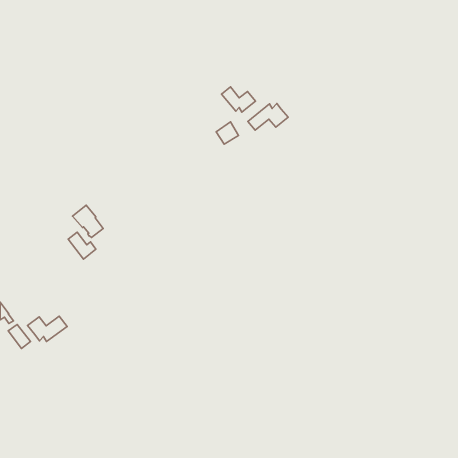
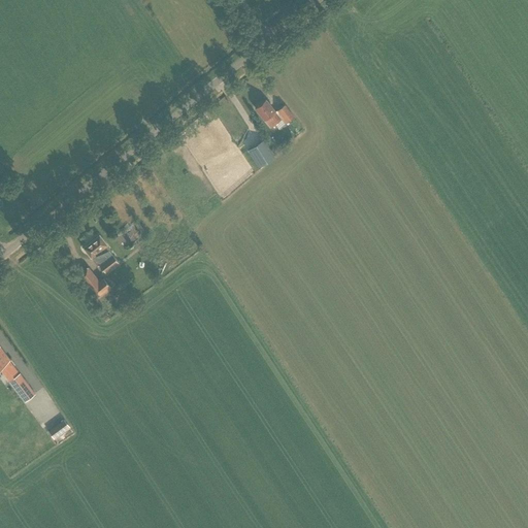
building: [248,104,288,130] -> none
building: [27,316,67,342] -> none

